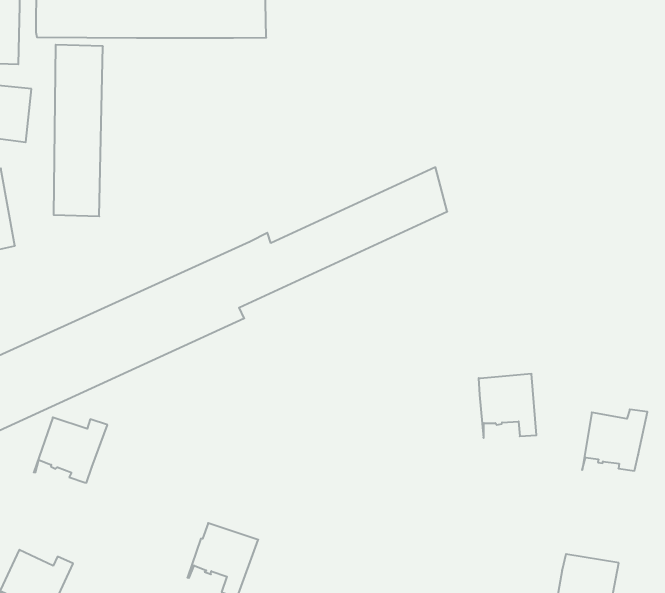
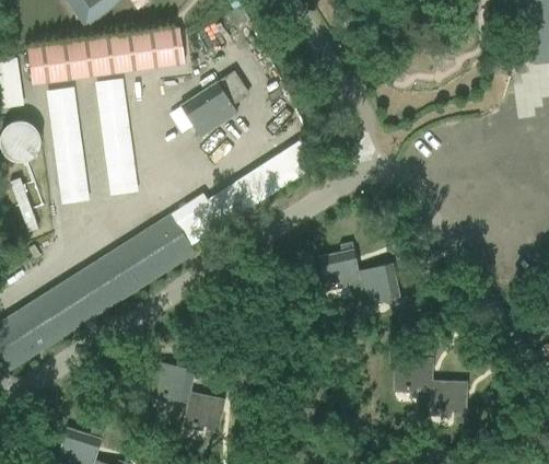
building: none -> [96,76,136,193]
building: none -> [179,71,248,137]
building: none -> [317,243,359,295]
building: [582,409,647,471] -> [395,351,433,396]
building: [34,417,107,483] -> [151,361,196,404]

